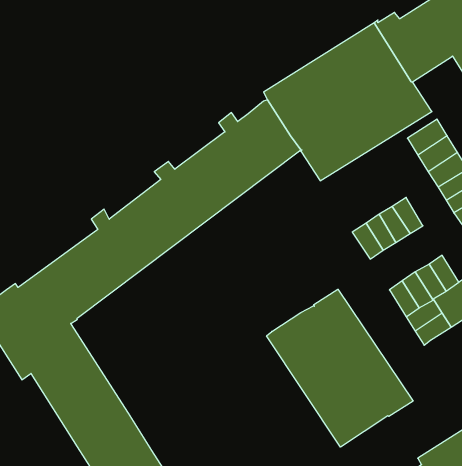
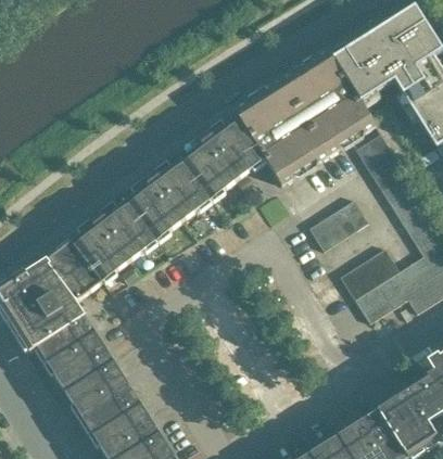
building: [267,289,413,447] -> none

